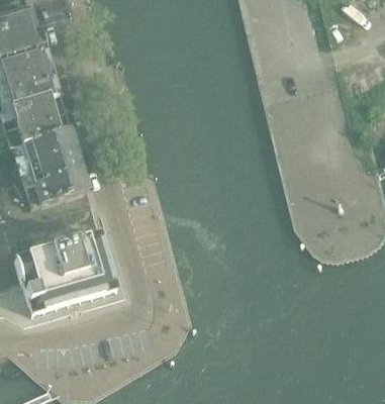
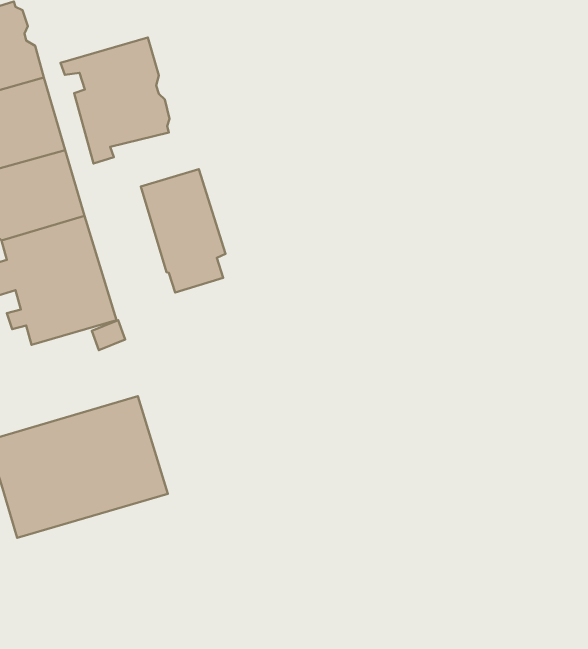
building: none -> [60,38,170,163]
building: none -> [141,169,226,292]

